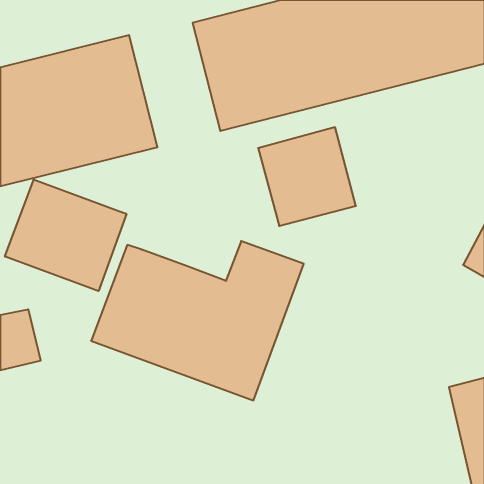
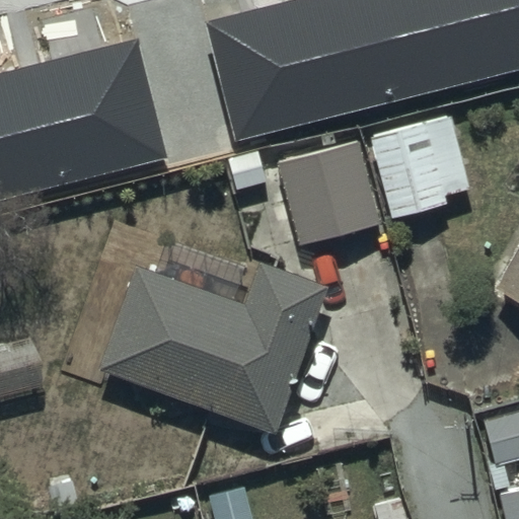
building: none -> [369,112,468,216]
building: [5,179,126,291] -> none

